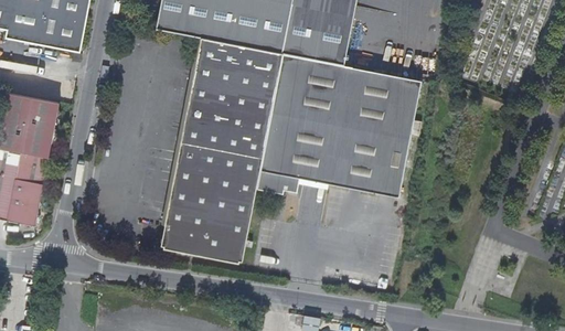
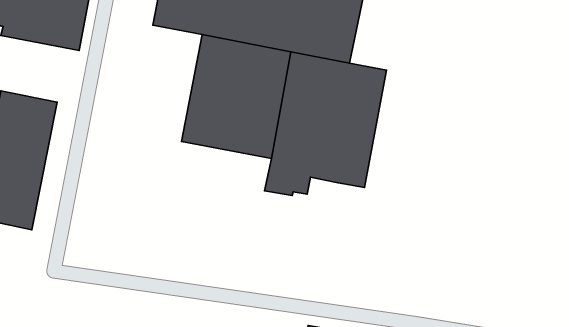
building: [353,72,420,193] -> none
building: [158,140,264,261] -> none

